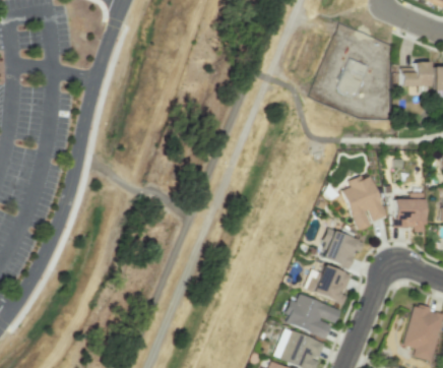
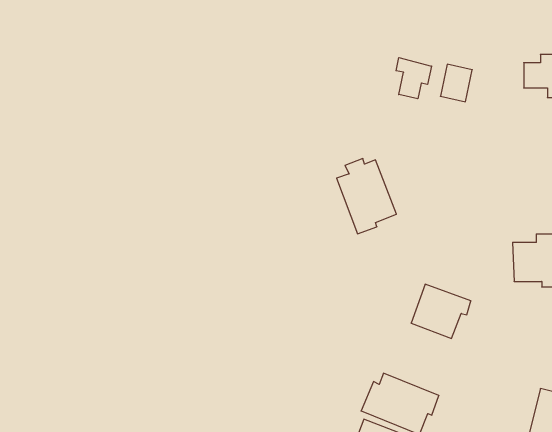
building: none -> [396,58,432,99]
building: [342,175,386,230] -> [337,159,396,234]
building: [306,264,351,304] -> none

